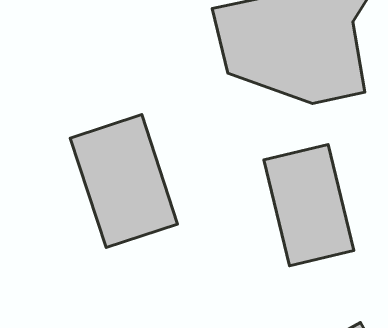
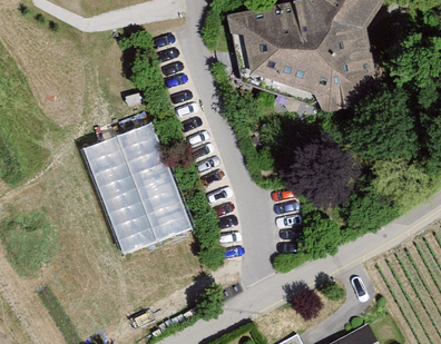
building: [264,144,354,266] -> none

